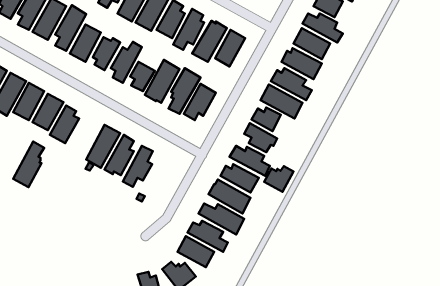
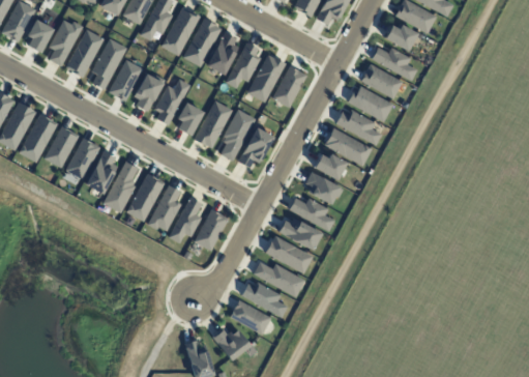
building: [13,141,44,187] -> [102,161,138,212]
building: none -> [194,208,228,251]
building: [264,166,293,192] -> none

